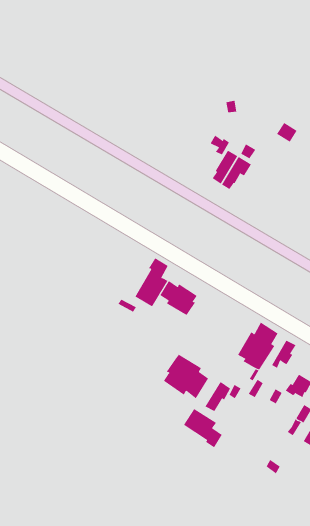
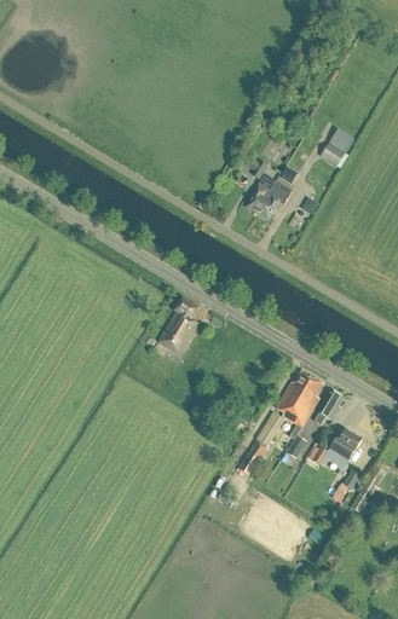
building: [160,280,197,316] -> none
building: [163,354,209,399] -> none
building: [183,408,222,448] -> none

